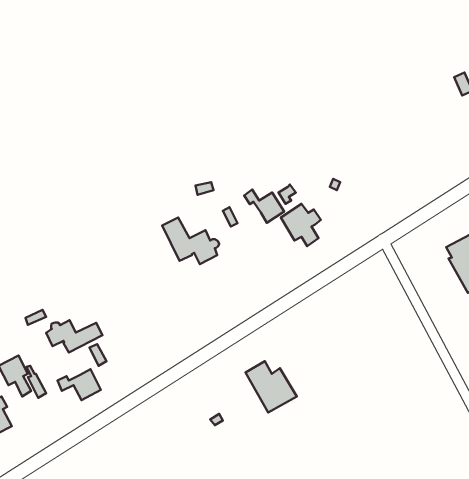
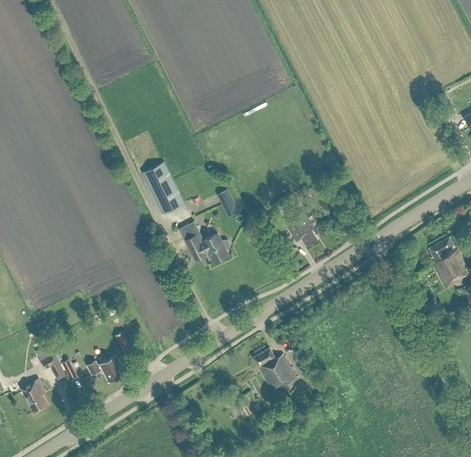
building: none -> [142,162,185,214]
building: [244,190,284,223] -> none
building: [46,320,102,352] -> none

